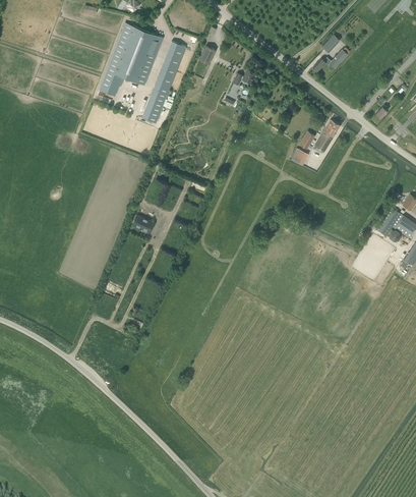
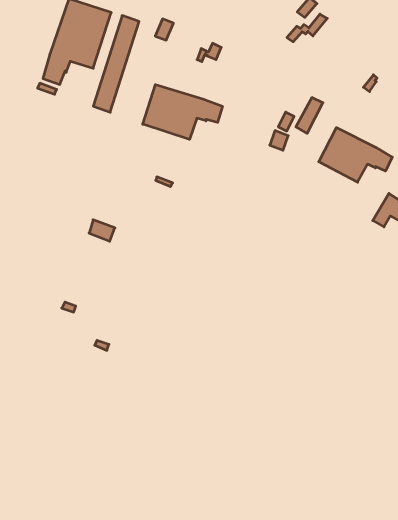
building: none -> [143,85,222,139]
building: none -> [319,128,392,182]

